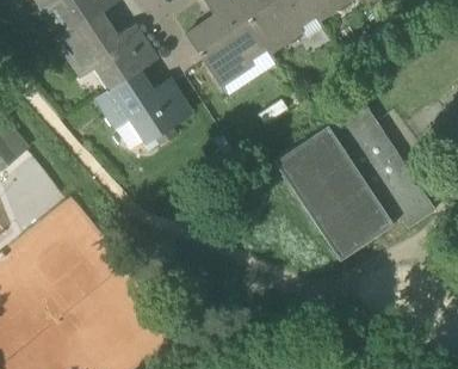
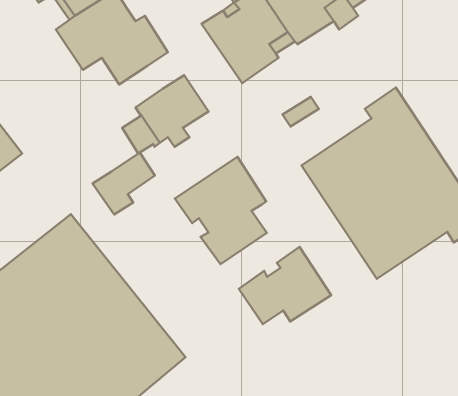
building: [97,70,151,125] -> [93,152,155,215]
building: none -> [175,157,267,264]
building: none -> [239,247,331,324]

